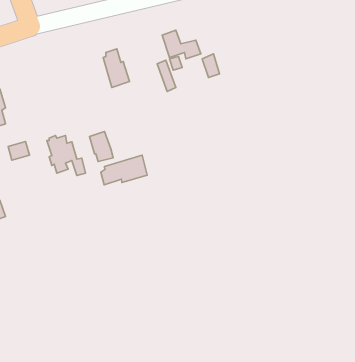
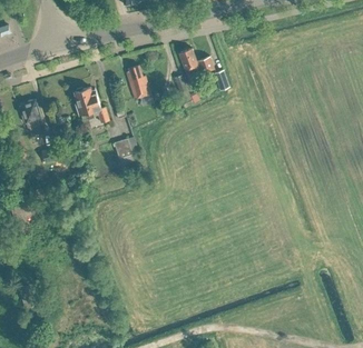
building: [47,136,86,176] -> [73,87,108,122]
building: [101,155,147,185] -> none

